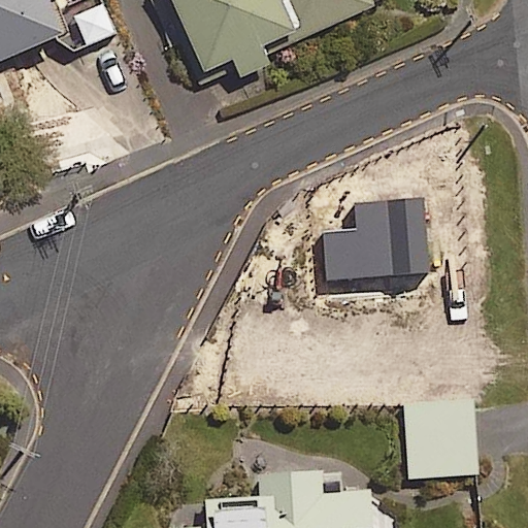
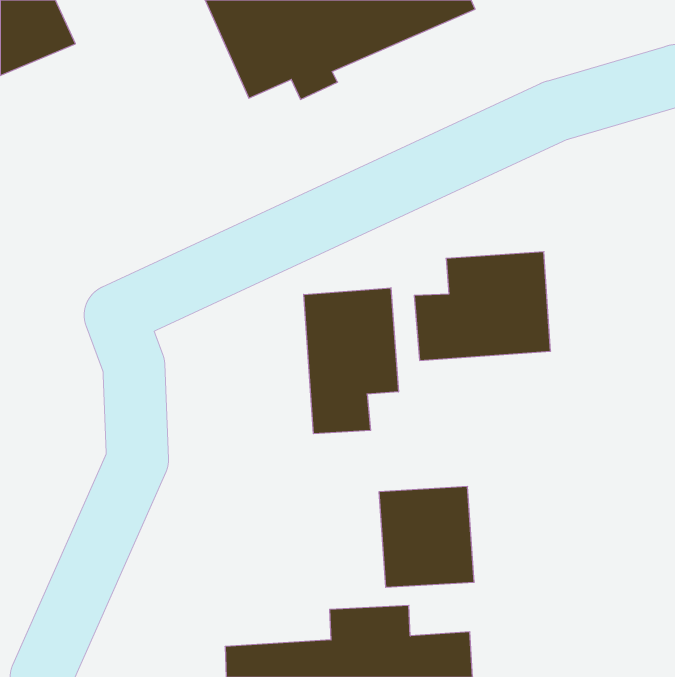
building: none -> [304,288,398,434]
building: [403,400,477,478] -> [379,487,474,587]

